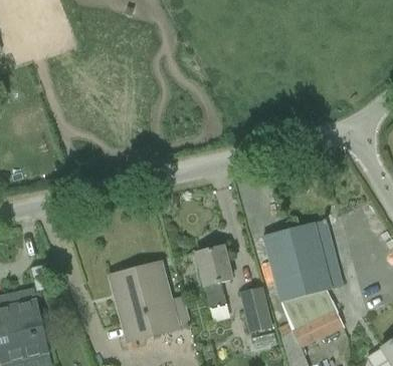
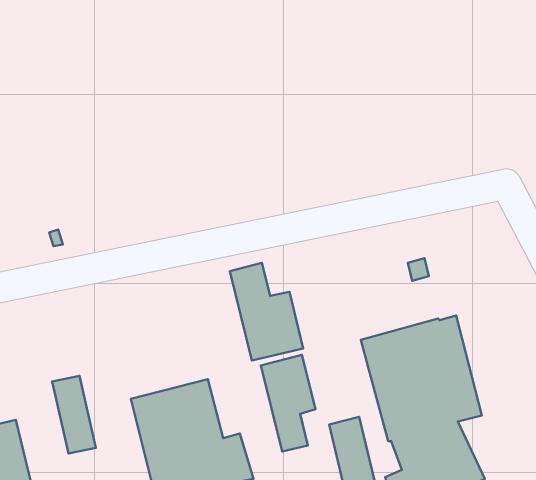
building: none -> [230,263,303,361]
building: none -> [52,376,96,454]

